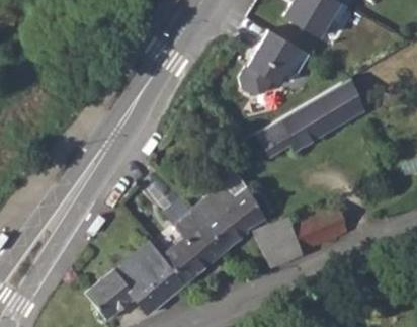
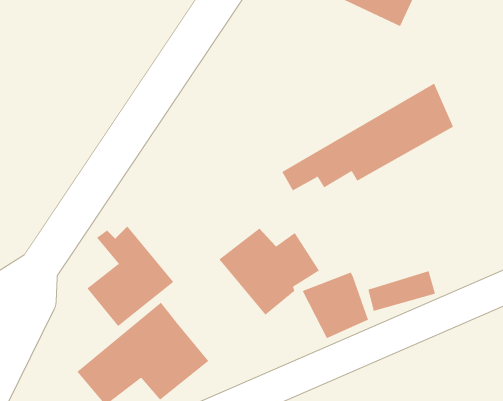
building: [249,33,305,95] -> none
building: [160,209,225,283] -> [87,226,174,327]

